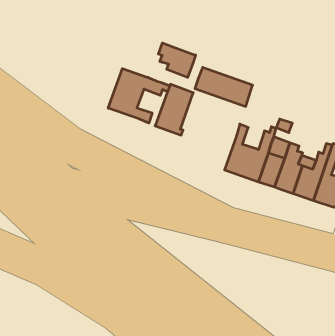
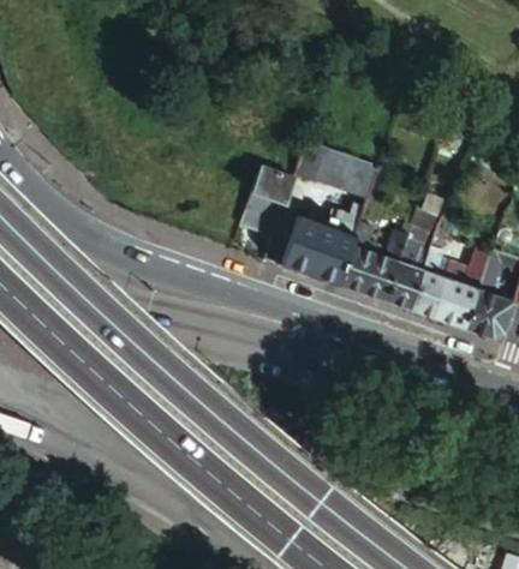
building: [158,43,196,77] -> none
building: [108,69,170,123] -> none
building: none -> [281,216,356,286]

